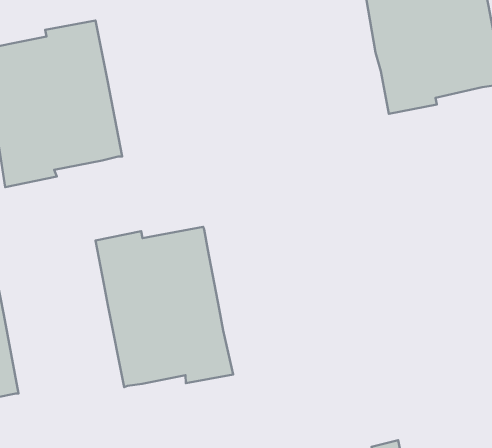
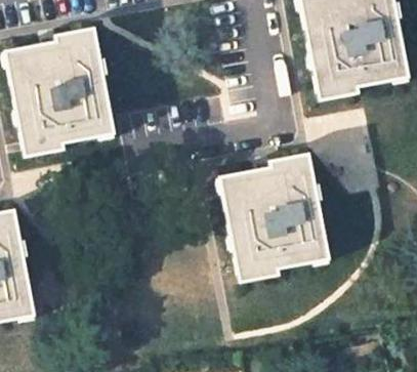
building: none -> [220,154,329,282]
building: [96,227,233,387] -> none

